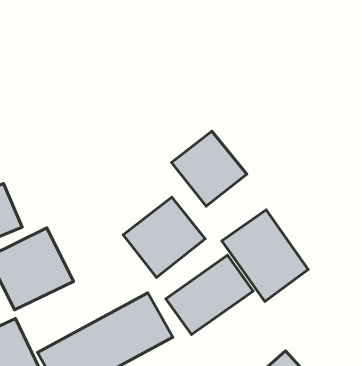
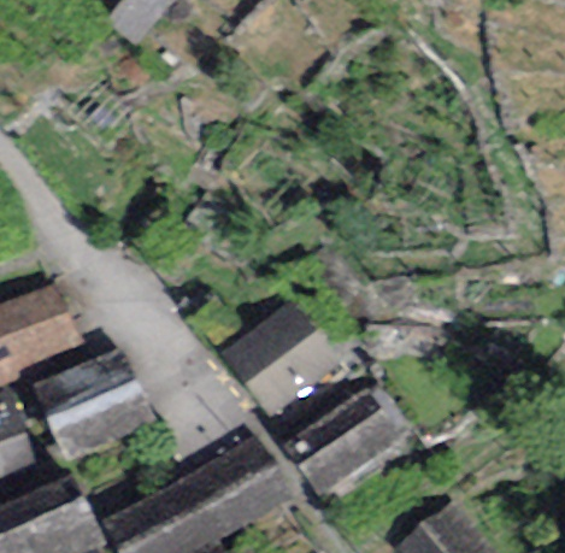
building: [172,131,247,206] -> none
building: [222,210,308,301] -> none

